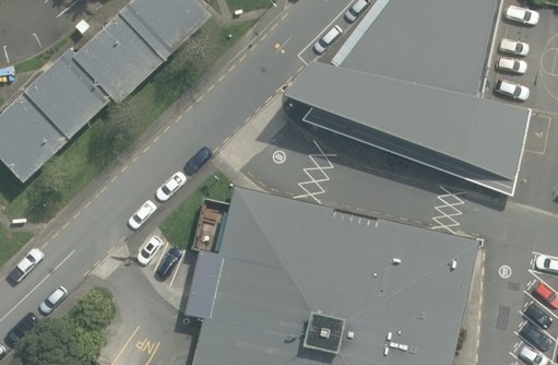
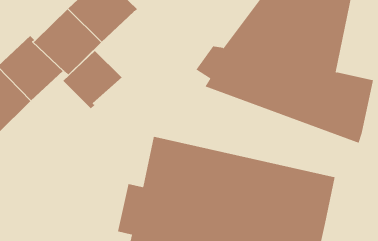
building: none -> [62,50,123,109]

